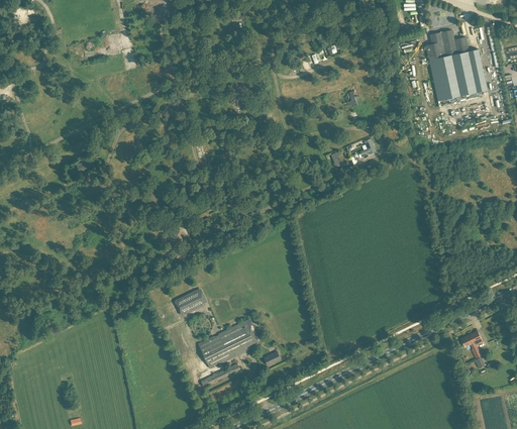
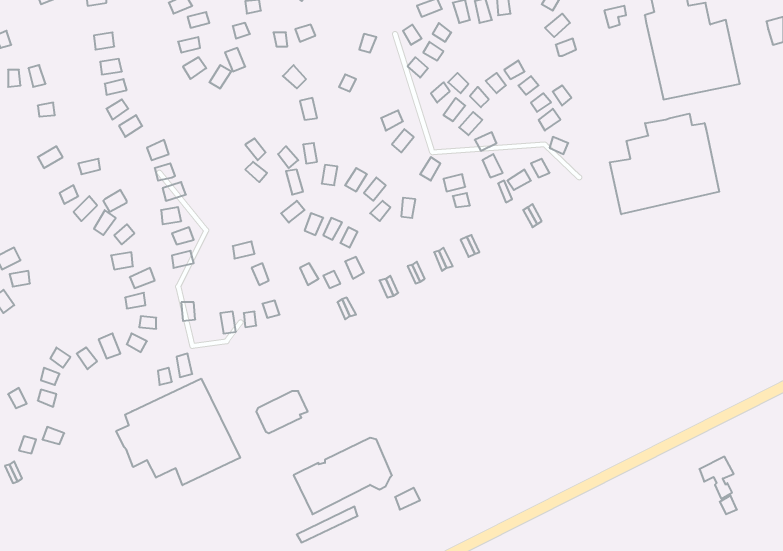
building: none -> [610,114,719,214]
building: none -> [116,379,240,485]

